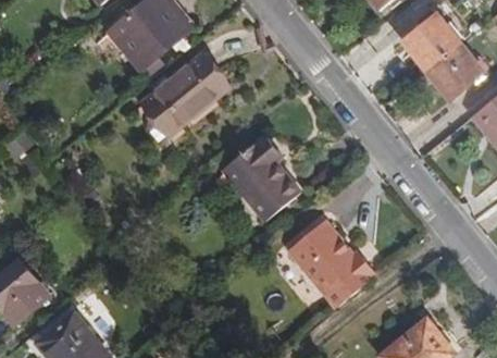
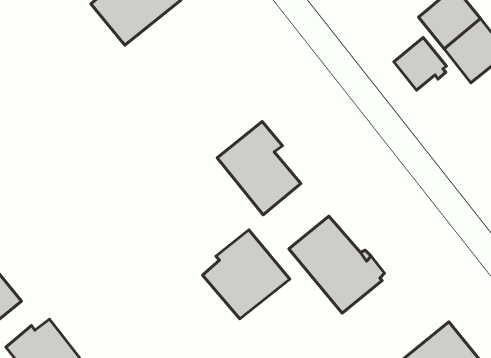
building: [142,53,227,147] -> none
building: none -> [394,37,447,90]
building: none -> [202,230,290,319]

